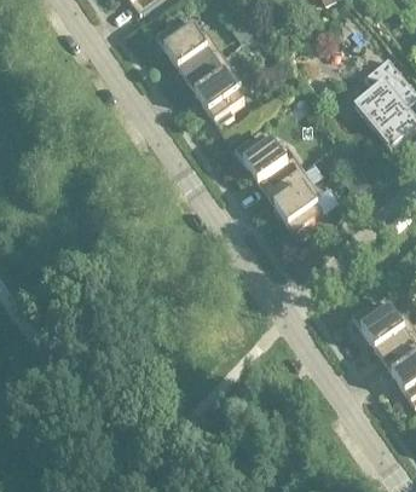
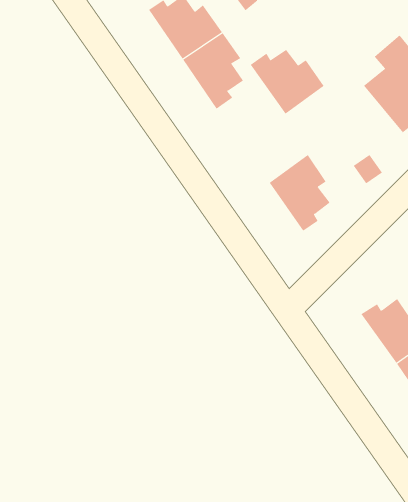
building: [233,133,302,193] -> [250,49,325,115]

